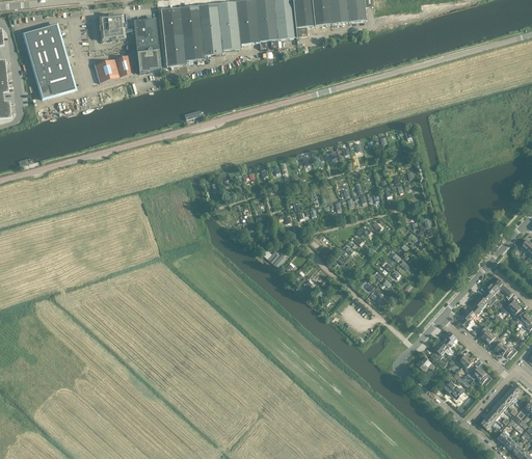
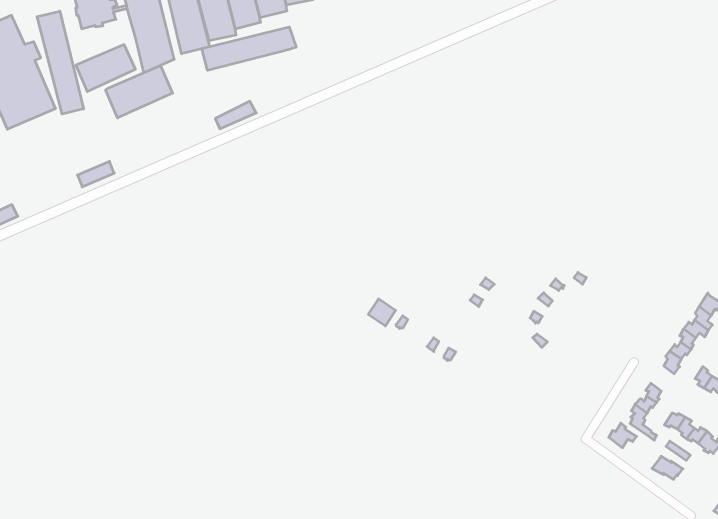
building: none -> [37,11,84,114]
building: none -> [202,27,296,70]
building: none -> [106,65,173,118]

